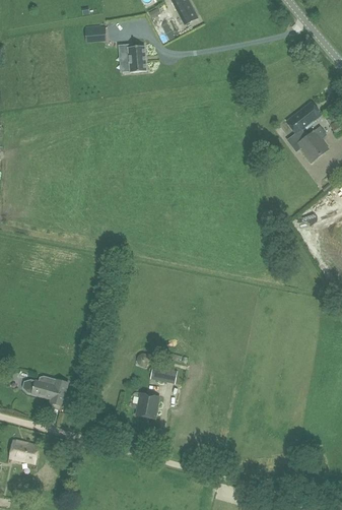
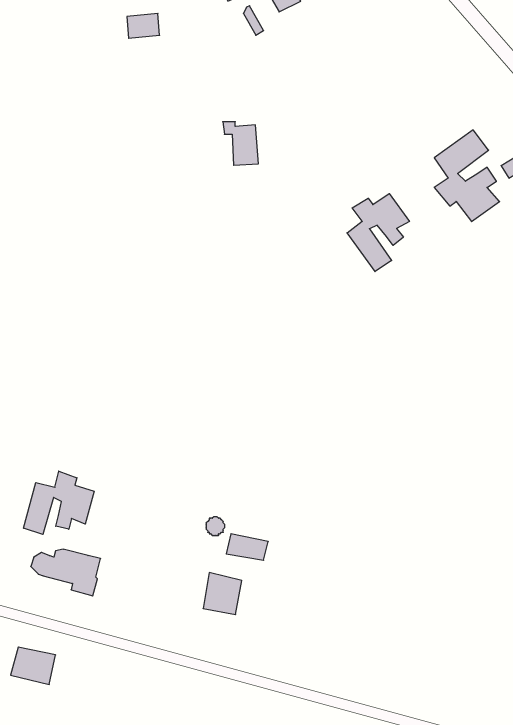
building: [123,43,146,71] -> [223,122,258,165]
building: none -> [347,194,409,272]
building: none -> [24,471,94,534]

